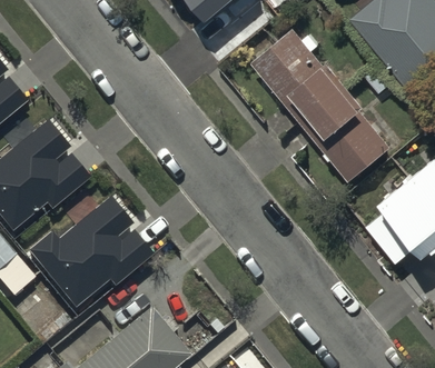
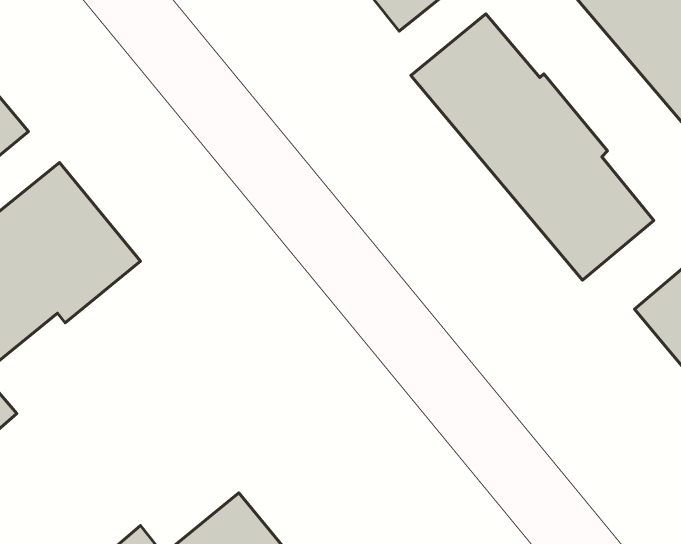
building: [26,193,157,308] -> none

